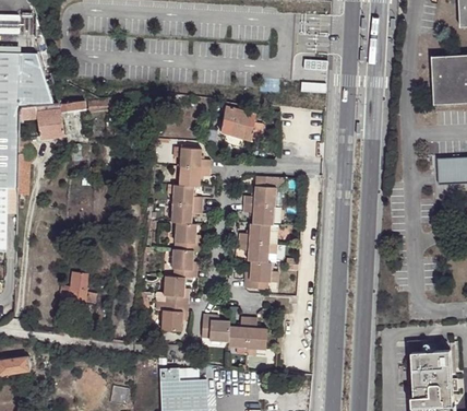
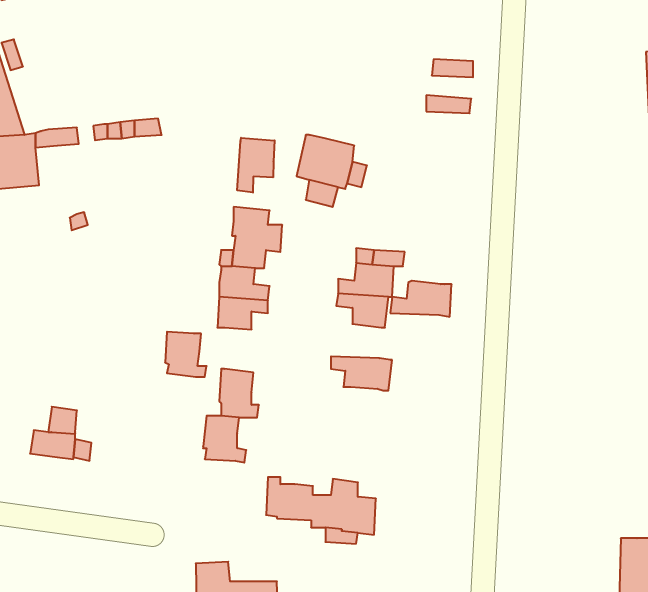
building: none -> [237,138,275,193]
building: [240,221,277,243] -> [390,281,452,317]
building: [175,223,200,250] -> [165,332,207,377]
building: [246,259,272,287] -> none
building: [160,303,182,330] -> none

